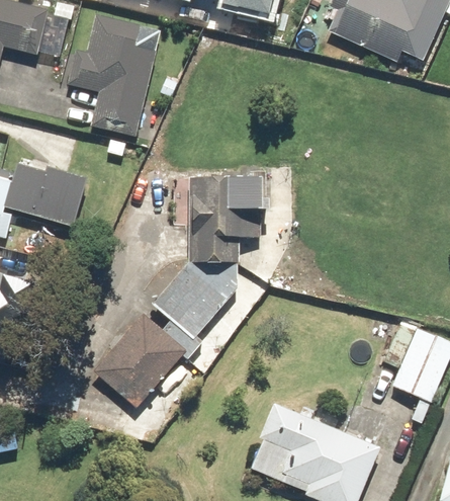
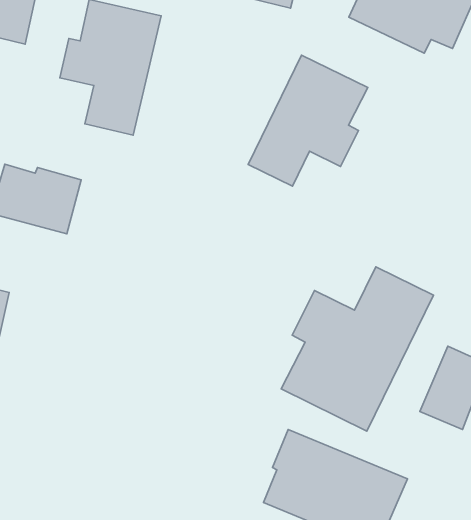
building: none -> [248,55,368,186]
building: [94,176,261,407] -> none
building: none -> [281,267,434,431]

